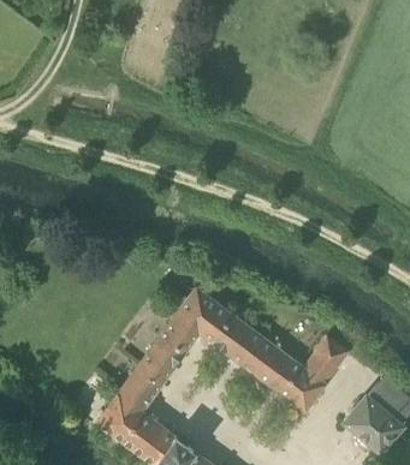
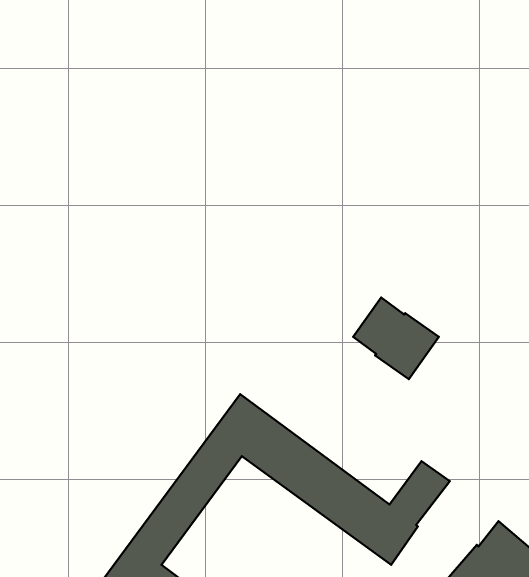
building: none -> [353,297,439,379]

